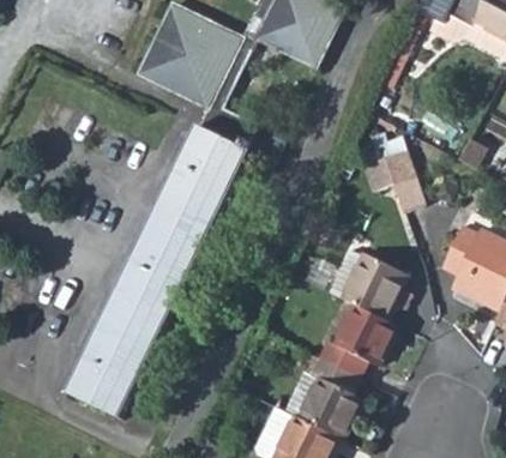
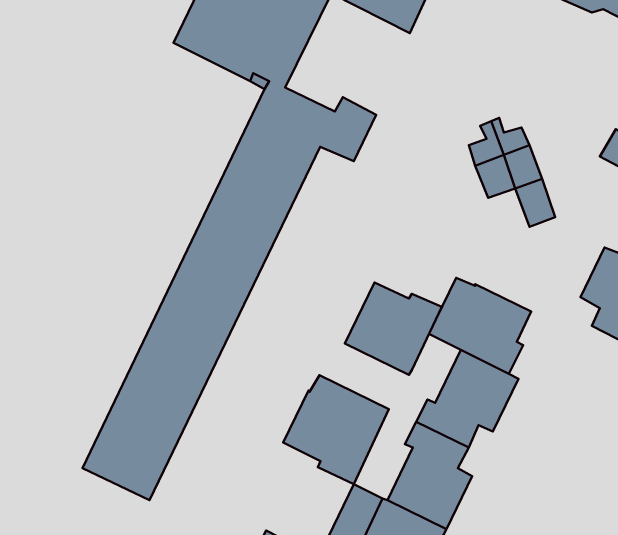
building: none -> [345,283,442,375]
building: none -> [283,375,389,484]

